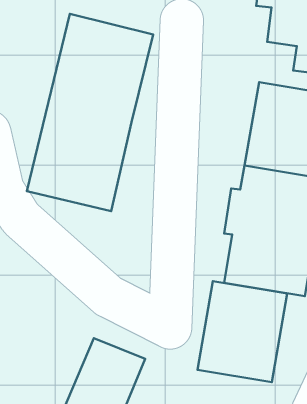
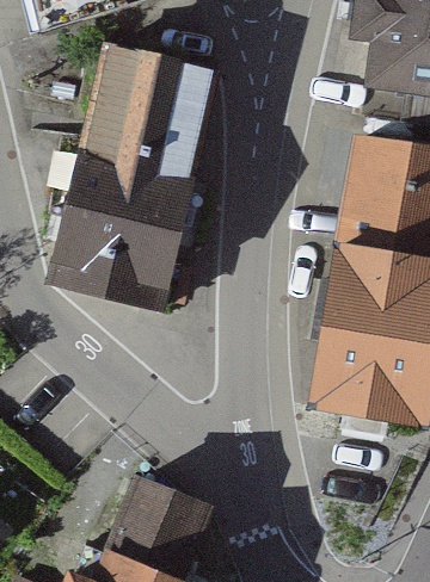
building: [198,281,287,382] -> none

